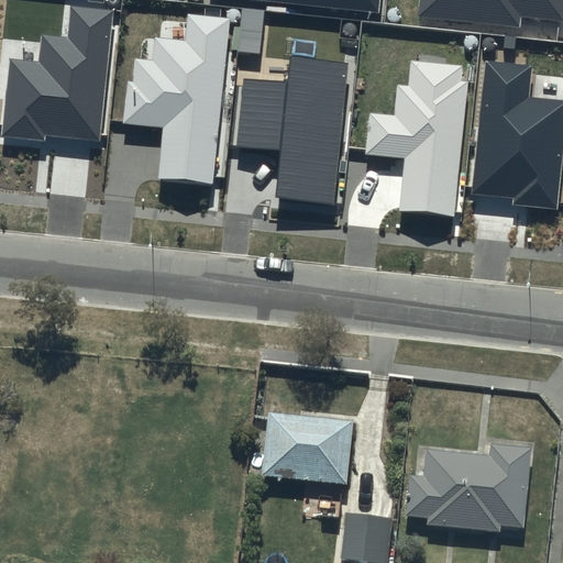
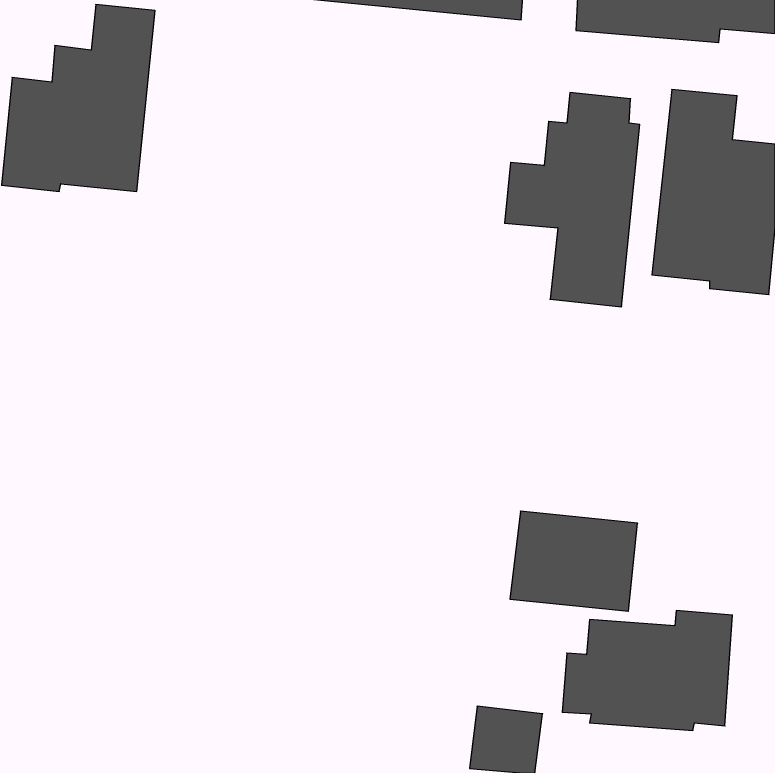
building: [123,20,230,189] -> none
building: [235,54,349,201] -> none
building: [262,411,354,484] -> [510,511,638,611]

